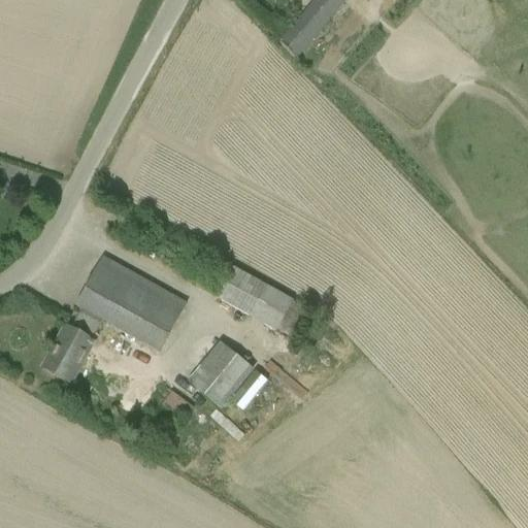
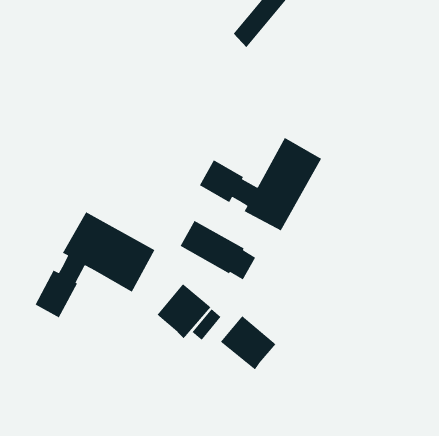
building: none -> [199,137,322,232]
building: none -> [220,315,276,370]

